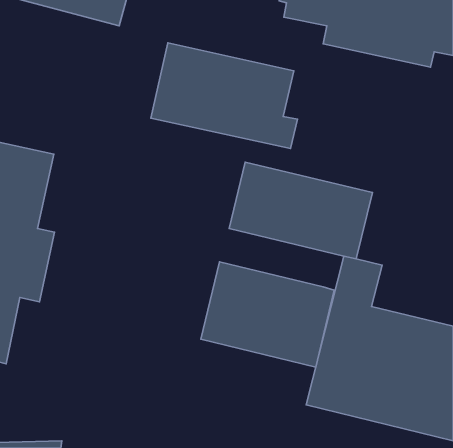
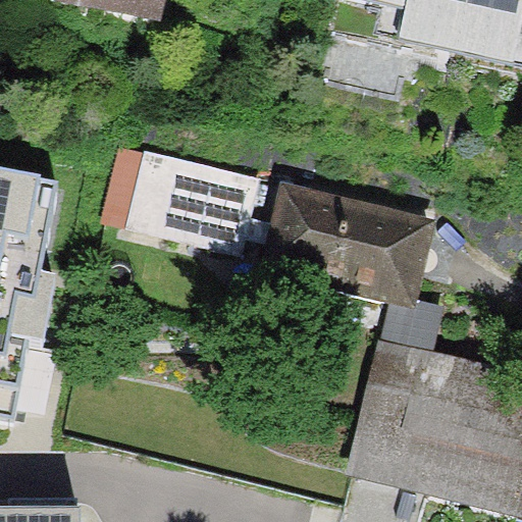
building: [151,43,298,149] -> [101,137,268,257]
building: [201,262,334,367] -> none

